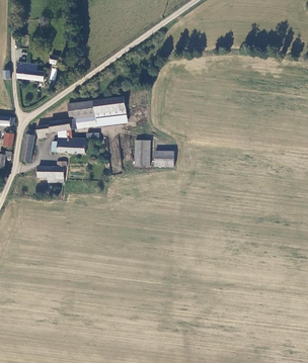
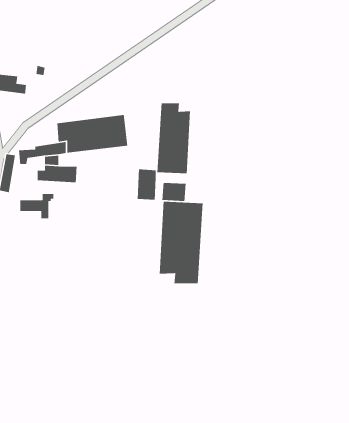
building: none -> [157,102,191,174]
building: none -> [159,201,204,284]

